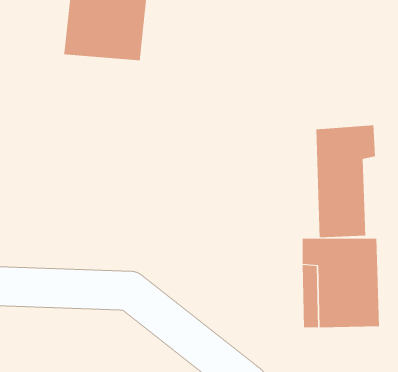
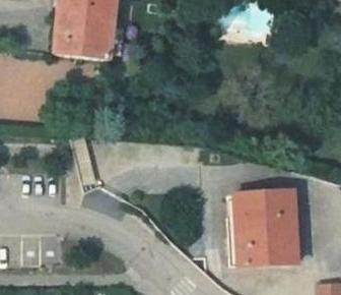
building: [316,124,375,238] -> none

